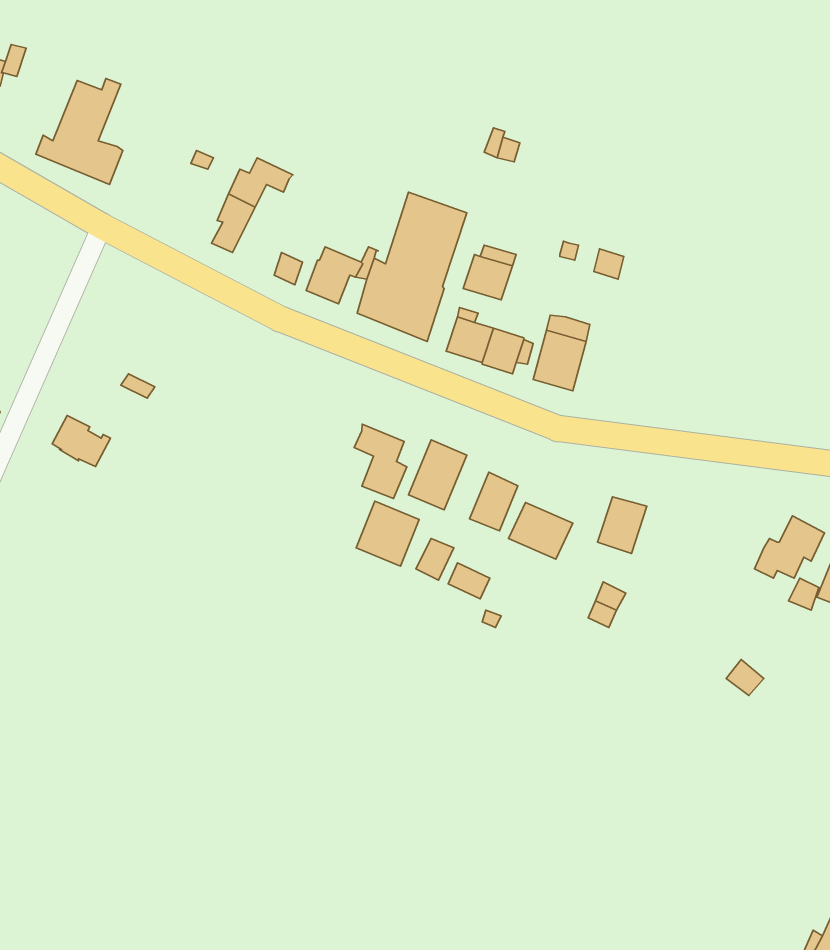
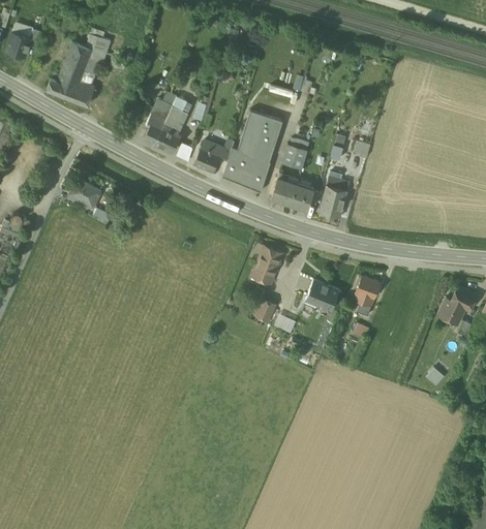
building: none -> [69,34,111,85]
building: none -> [154,102,191,151]
building: [52,415,111,467] -> [68,179,100,207]
building: [354,424,407,498] -> none
building: [469,472,518,531] -> none
building: [356,501,419,566] -> none

